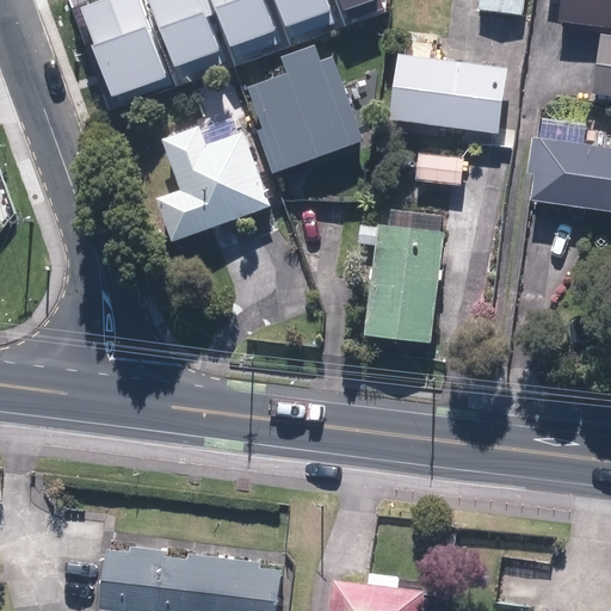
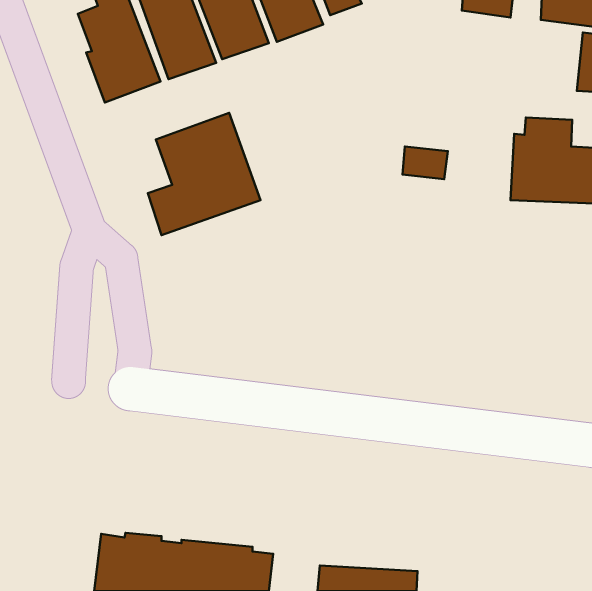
building: [391,27,506,136] -> none
building: [247,43,366,175] -> none
building: [364,228,443,342] -> none

